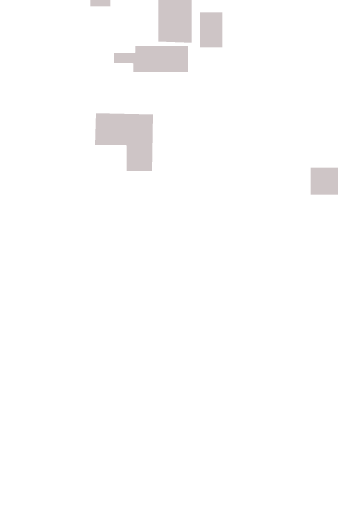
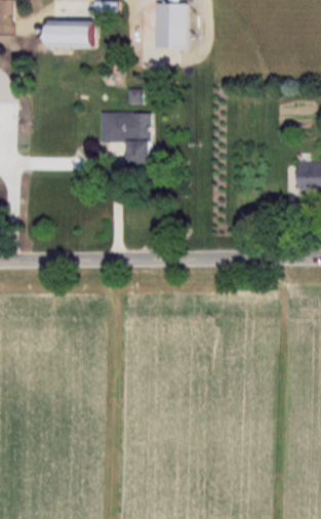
building: [200,11,223,48] -> none
building: [113,46,189,73] -> [32,22,101,46]

